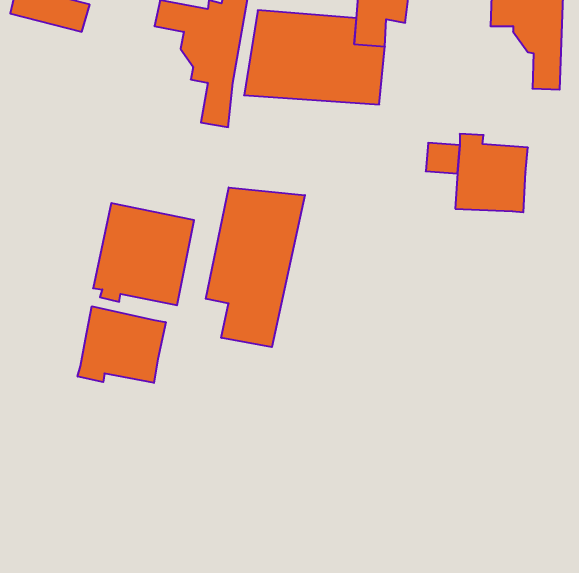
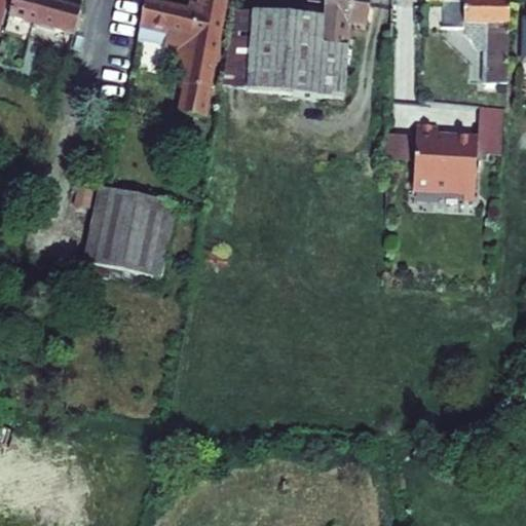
building: none -> [476,103,504,157]
building: [206,187,305,347] -> none
building: [78,306,166,383] -> none

